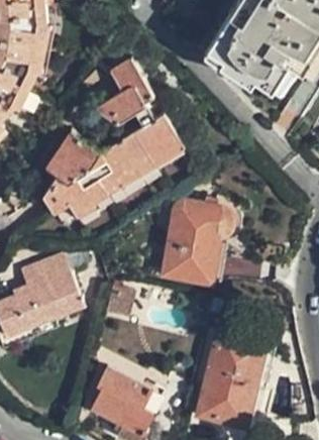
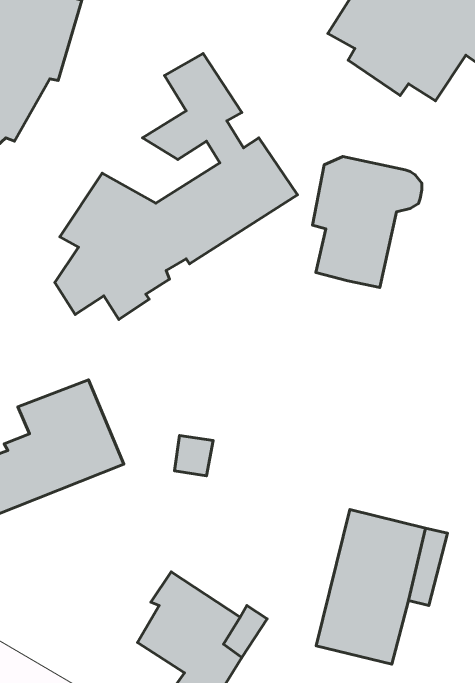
building: [166,203,231,282] -> [312,156,422,288]

